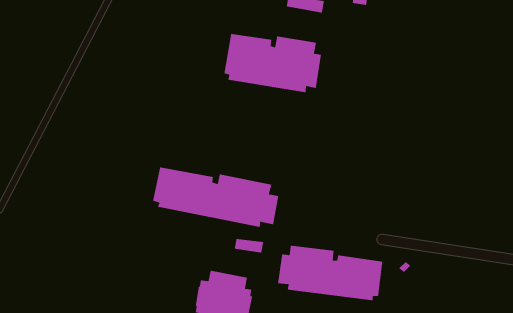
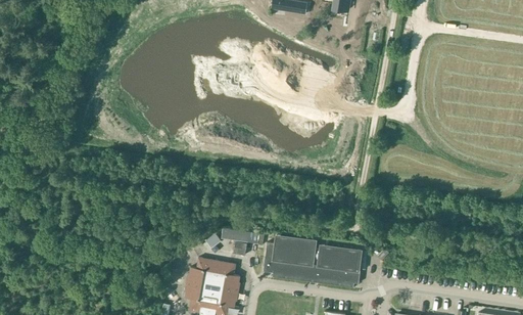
building: [224,33,322,93] -> none
building: [152,166,279,228] -> none

